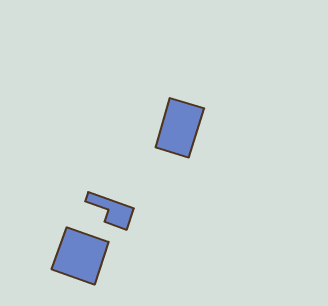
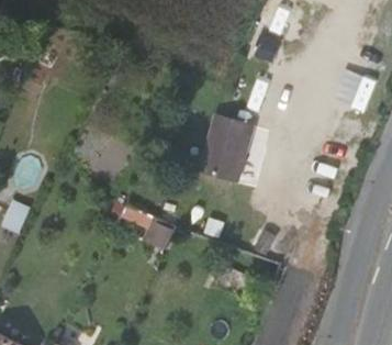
building: [52,227,109,285] -> none

